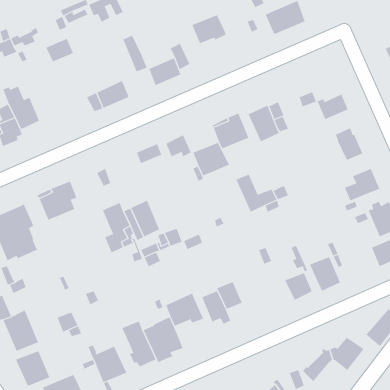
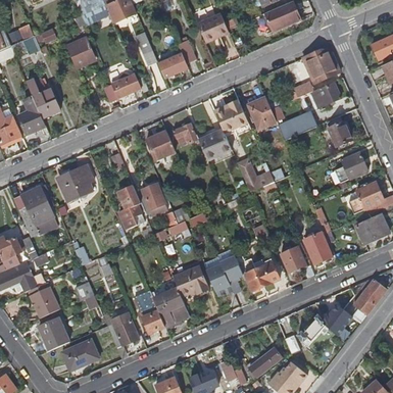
building: none -> [302,50,340,83]
building: none -> [279,113,316,141]
building: none -> [246,259,279,291]

